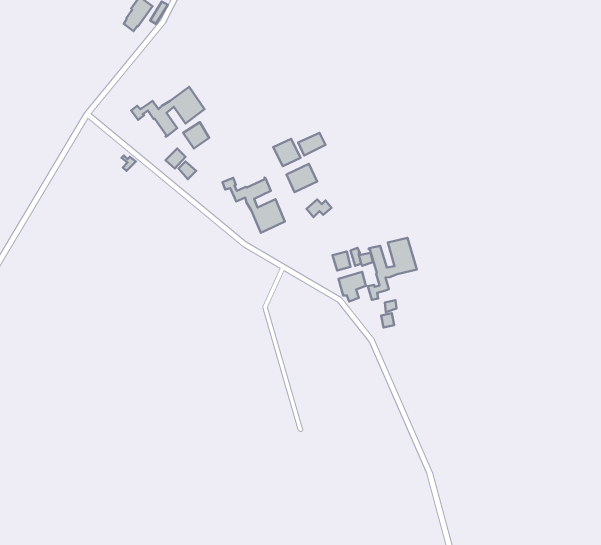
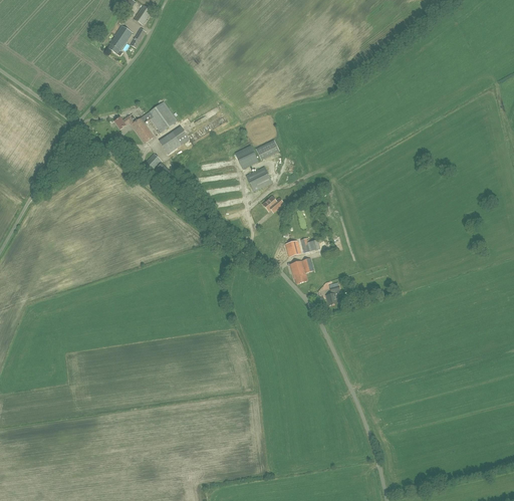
building: [223,178,285,233] -> none
building: [368,238,417,300] -> none

